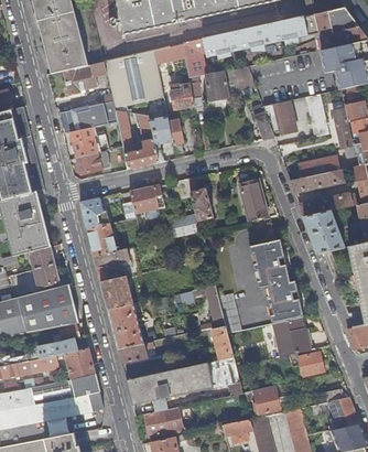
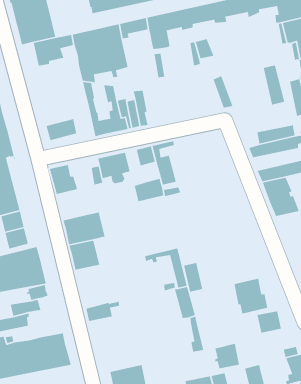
building: [204,71,229,98] -> none
building: [170,83,194,110] -> none
building: [59,94,117,132] -> none
building: [261,99,293,131] -> none
building: [73,133,122,157] -> none
building: [238,180,268,220] -> none
building: [87,224,117,256] -> none
building: [252,238,303,322] -> none
building: [107,303,143,348] -> none
building: [64,347,95,378] -> none
building: [126,360,223,405] -> none

